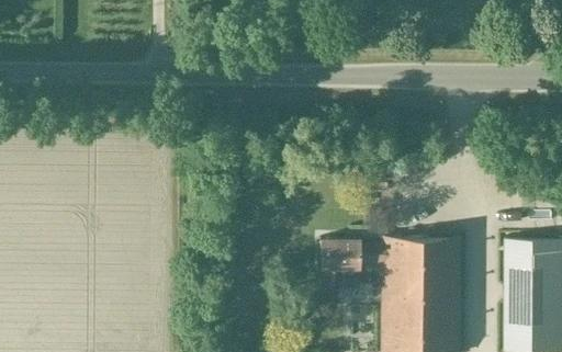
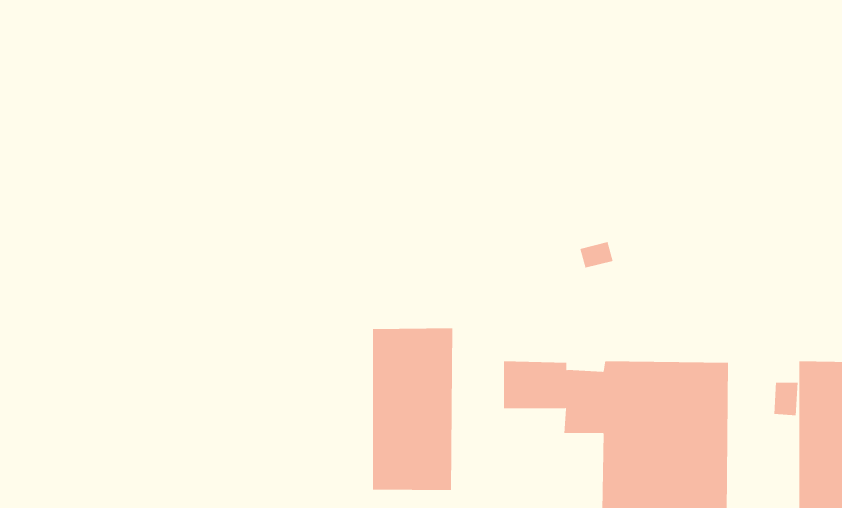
building: none -> [373,328,453,491]

